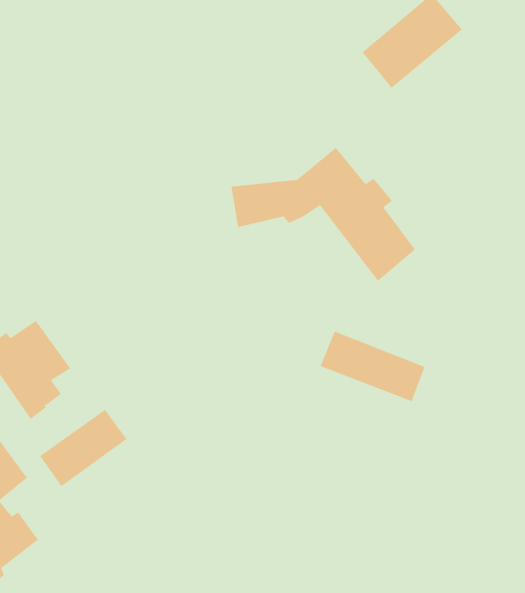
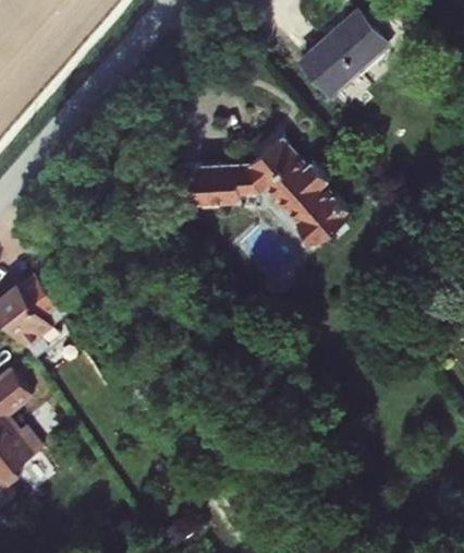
building: [319,331,425,402] -> none
building: [39,409,128,487] -> none

